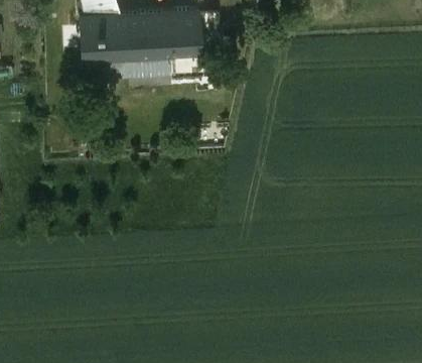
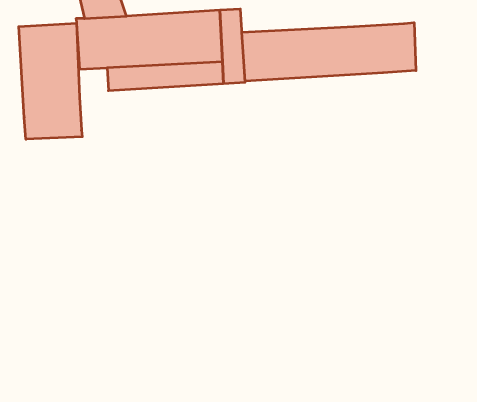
building: none -> [242,23,416,81]
building: none -> [19,23,82,139]

